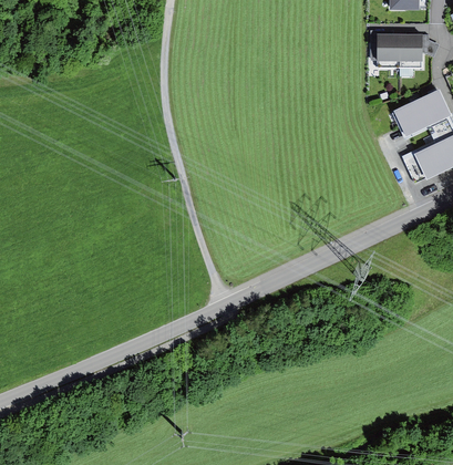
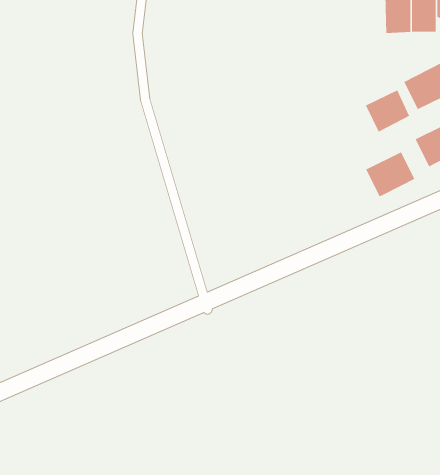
building: none -> [365,89,410,133]
building: none -> [365,151,415,197]

